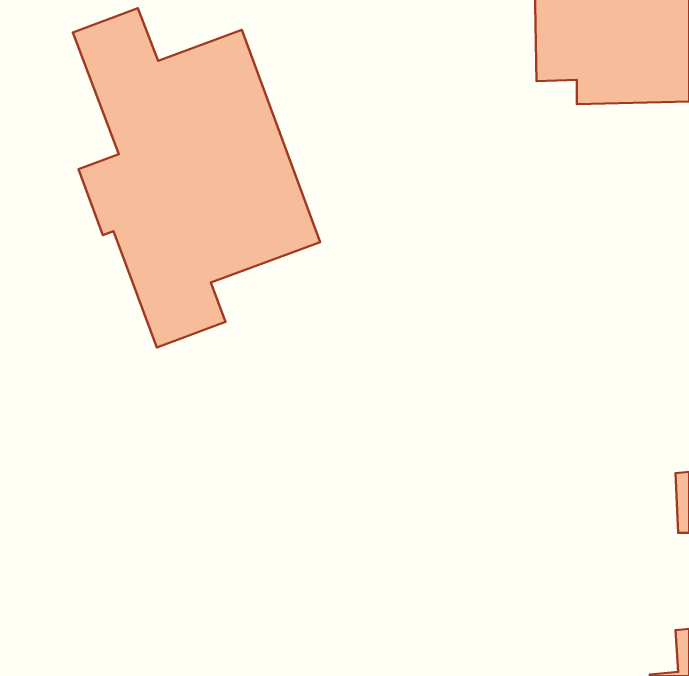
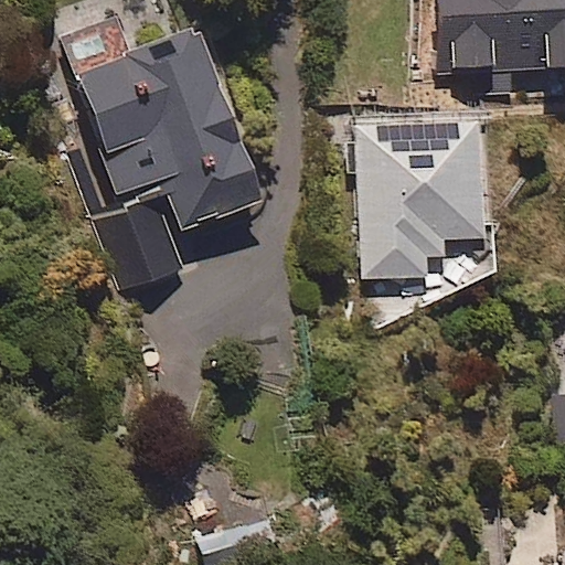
building: none -> [349,113,492,319]

